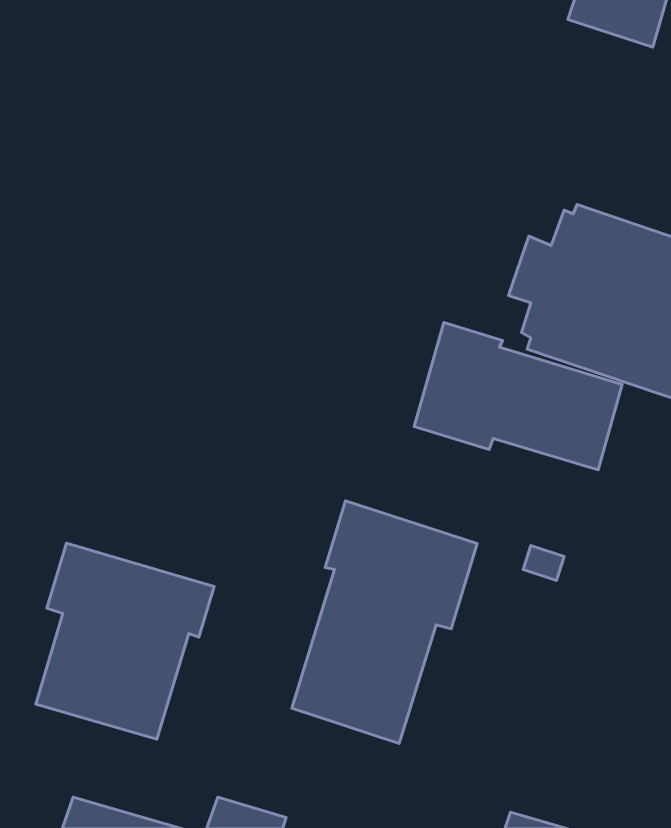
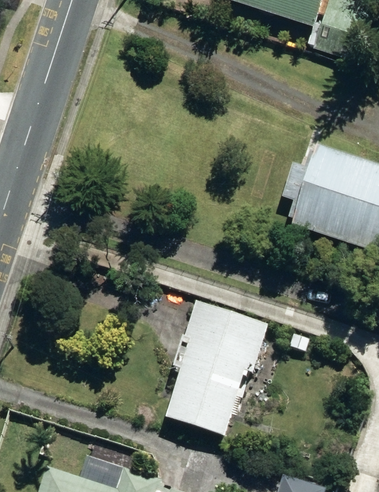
building: [414,322,622,470] -> none
building: [36,543,214,739] -> none

